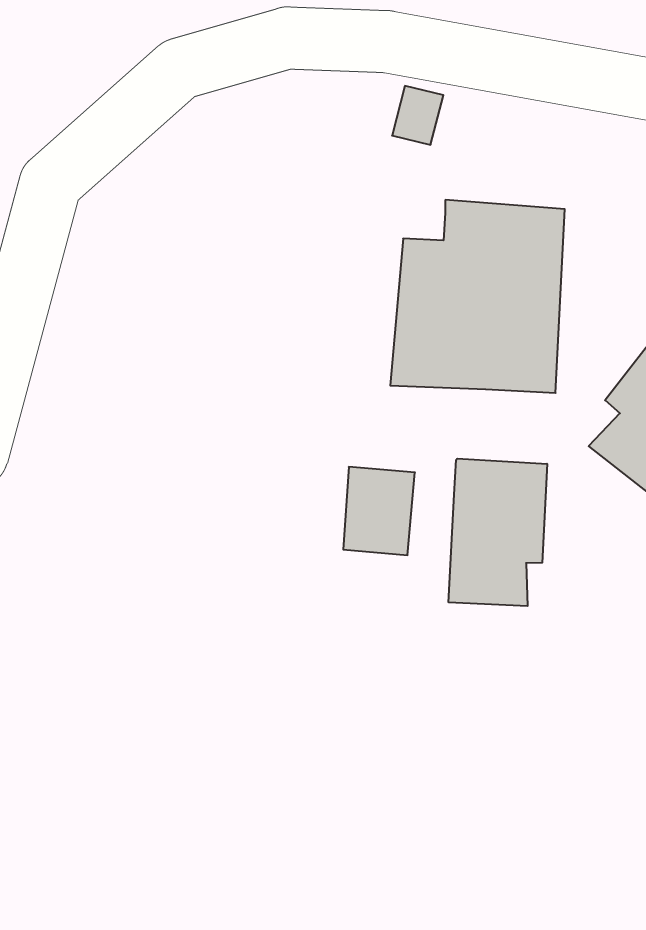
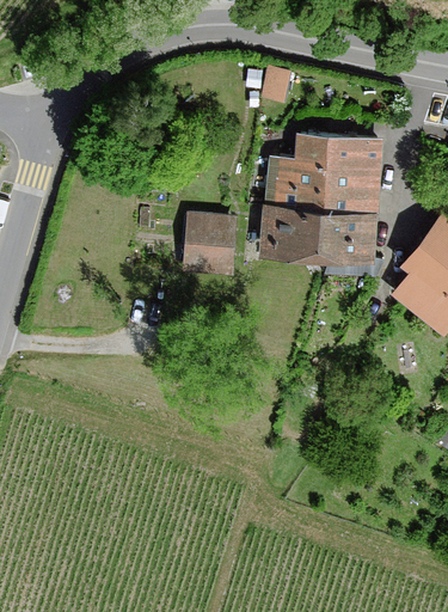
building: [449,459,547,606] -> none
building: [343,467,415,555] -> [188,214,234,271]

